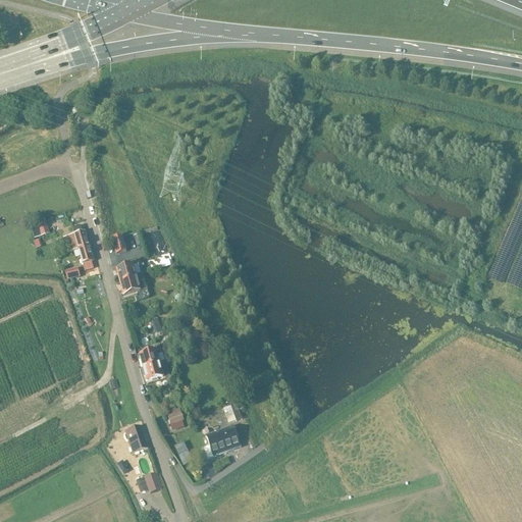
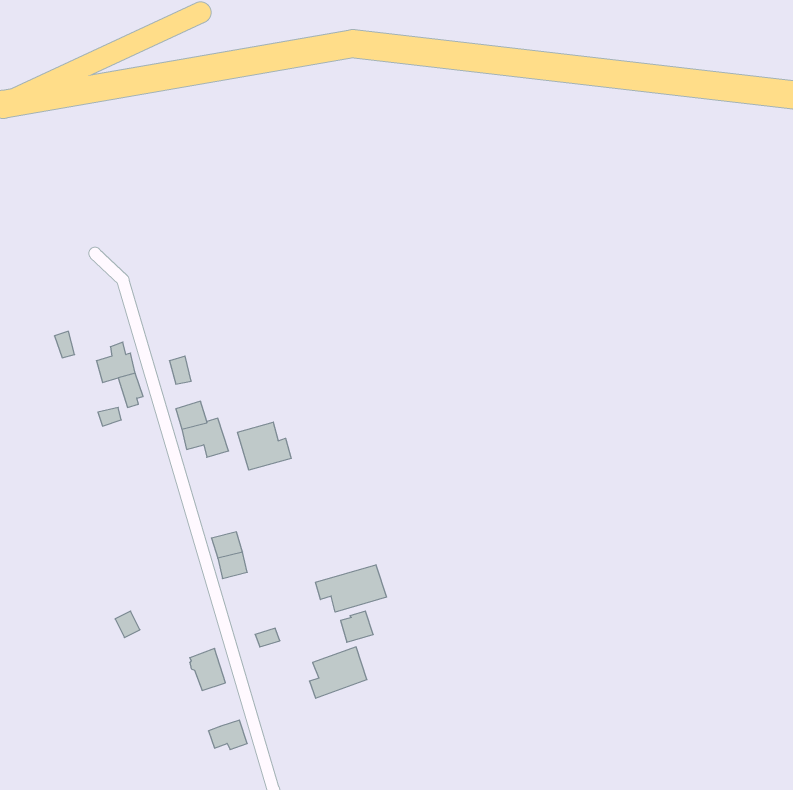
building: none -> [238,422,291,470]
building: none -> [315,565,386,612]

